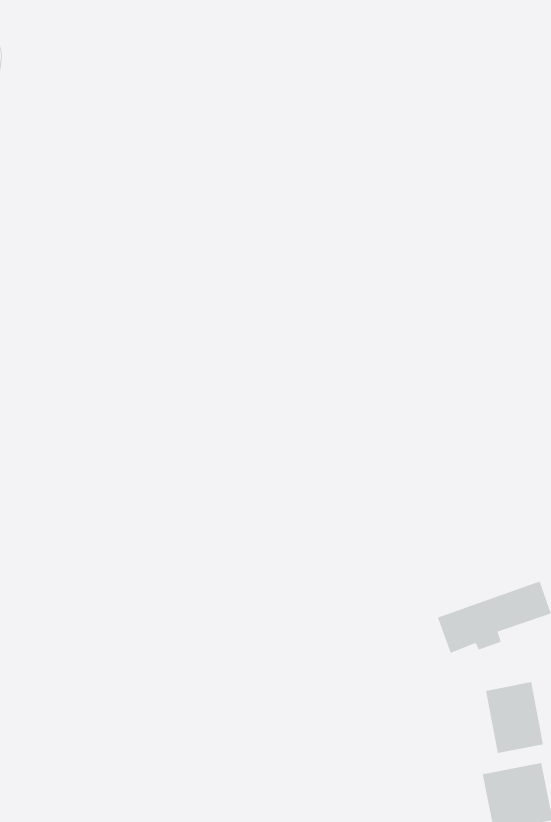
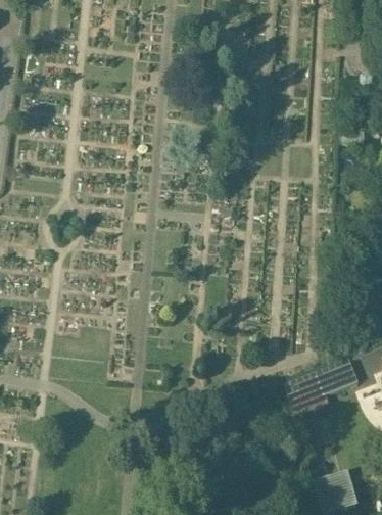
building: [485,681,544,754] -> none

